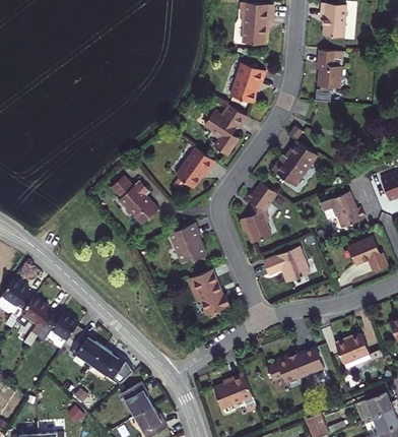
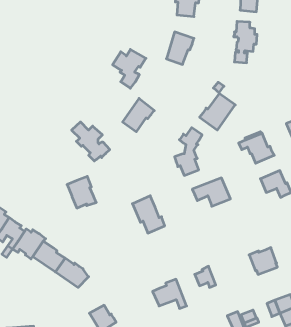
building: [204,106,246,154] -> [113,49,146,88]
building: [170,223,206,262] -> [67,176,96,208]
building: [283,347,323,380] -> none
building: [121,382,152,416] -> none

